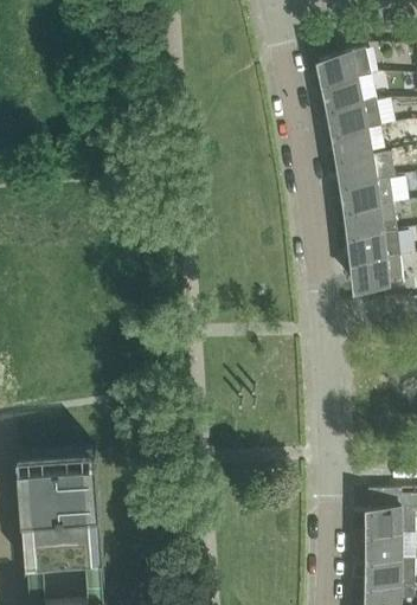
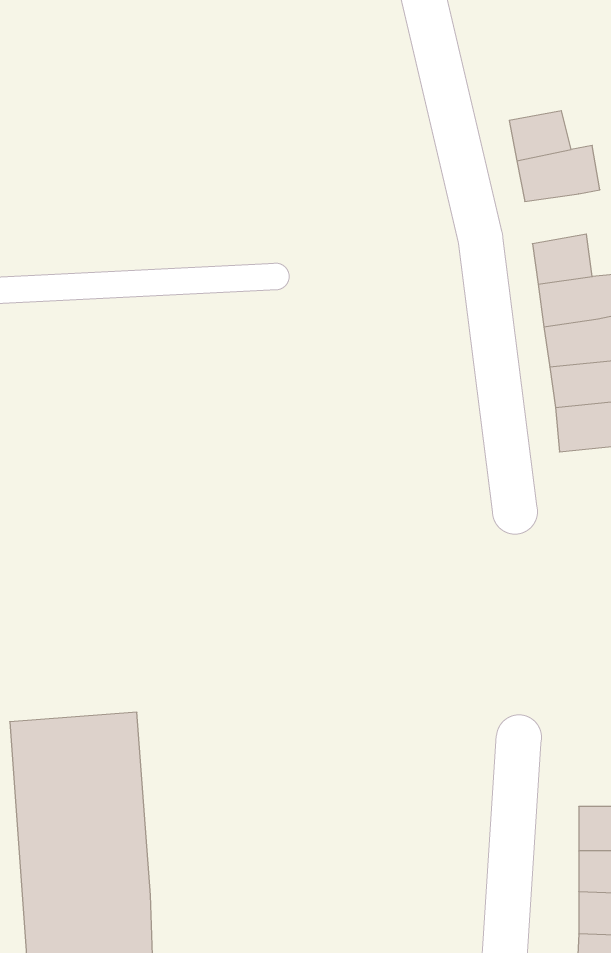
building: [317,50,370,86] -> none
building: [333,131,371,162] -> none

